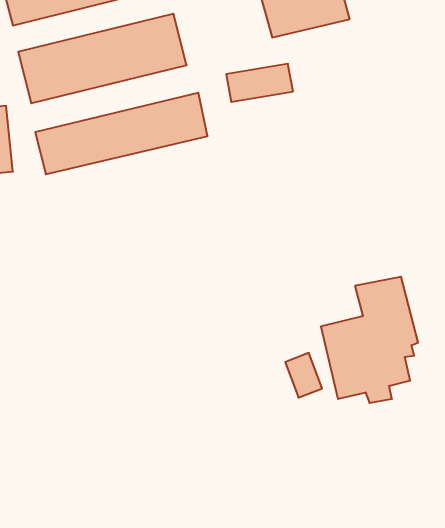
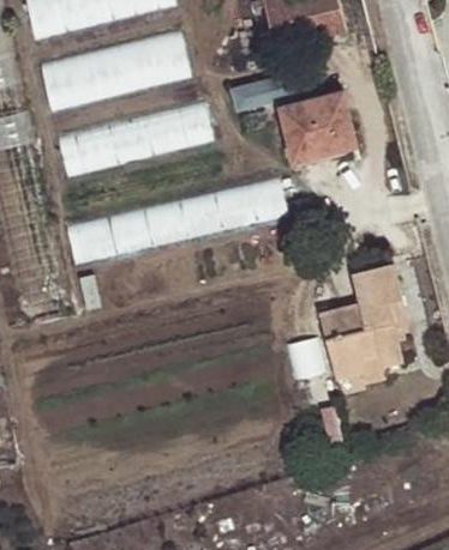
building: none -> [277,93,353,162]
building: none -> [67,181,292,260]

